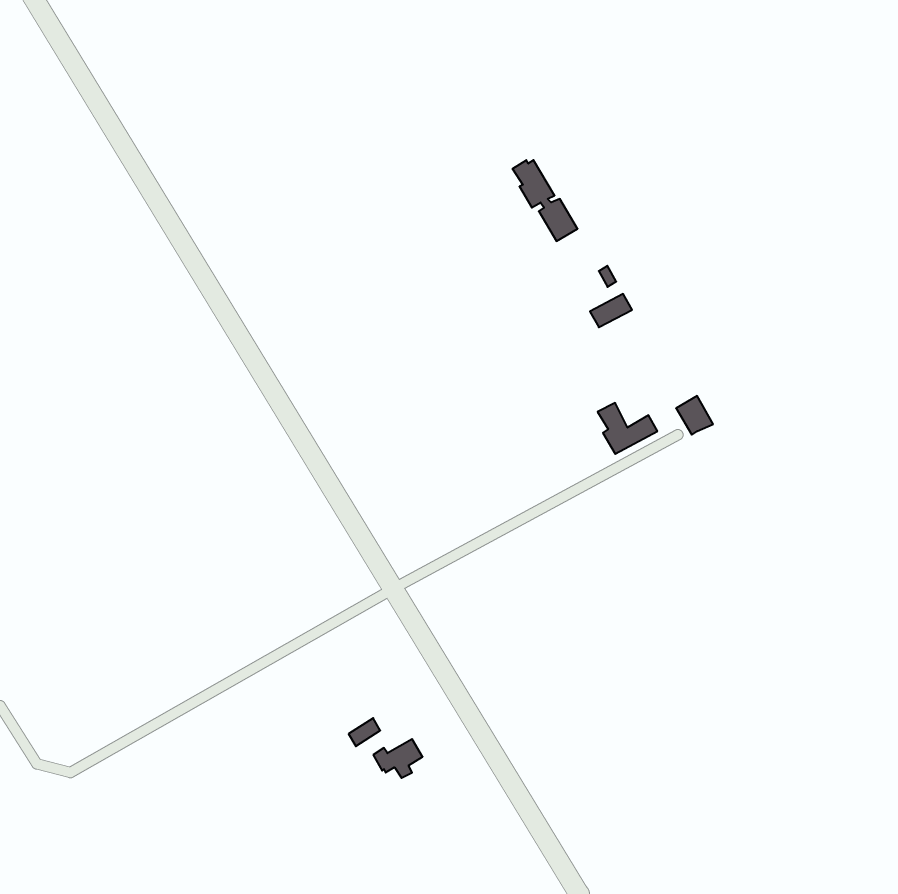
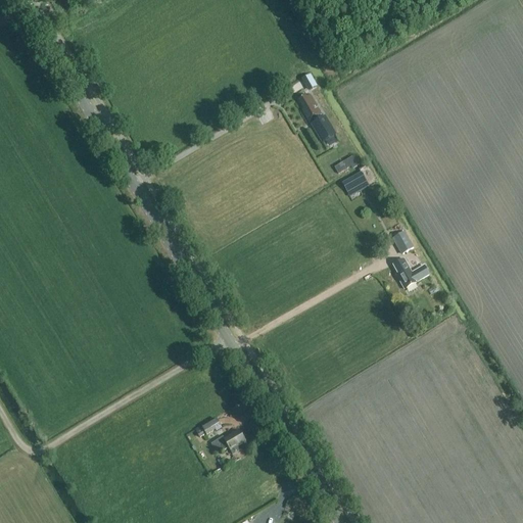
building: [598,403,657,454] -> [395,257,430,287]

